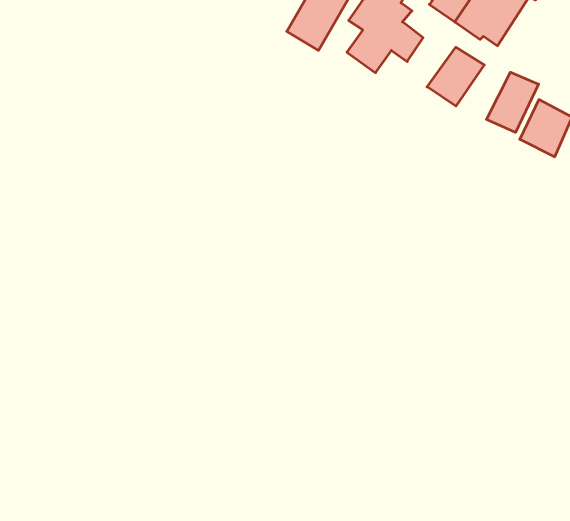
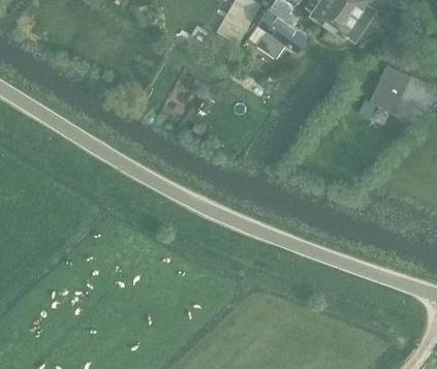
building: [427,47,484,106] -> none
building: [486,72,539,132] -> none

